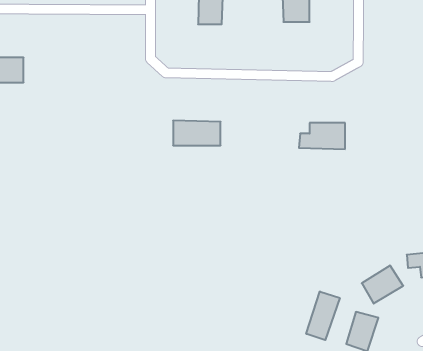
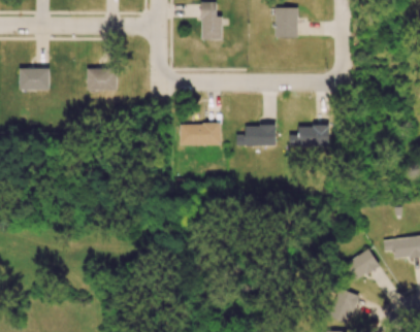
building: none -> [87,67,118,91]
building: none -> [236,125,277,145]
building: [306,291,340,340] -> none

